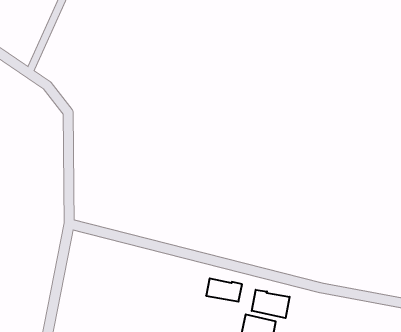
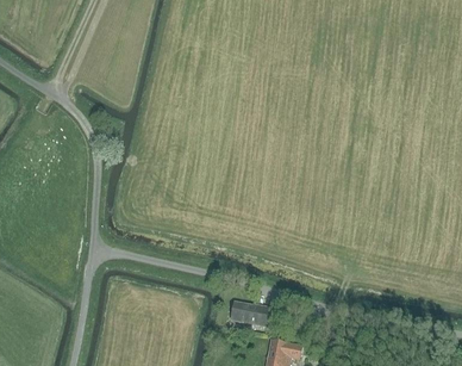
building: [252,290,290,318] -> none

